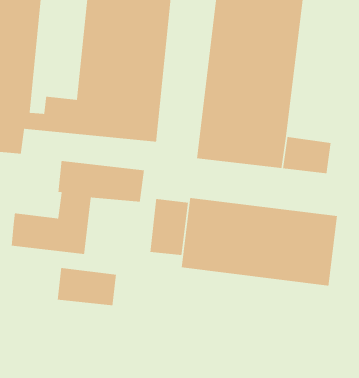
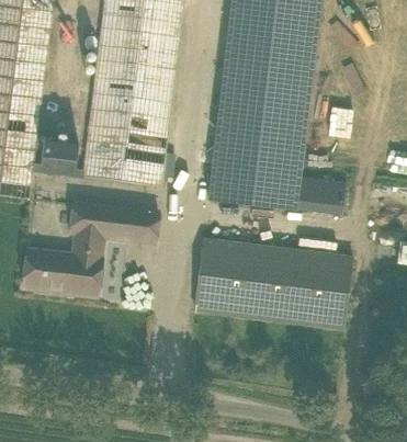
building: [150,198,189,256] -> none
building: [57,267,117,306] -> none

